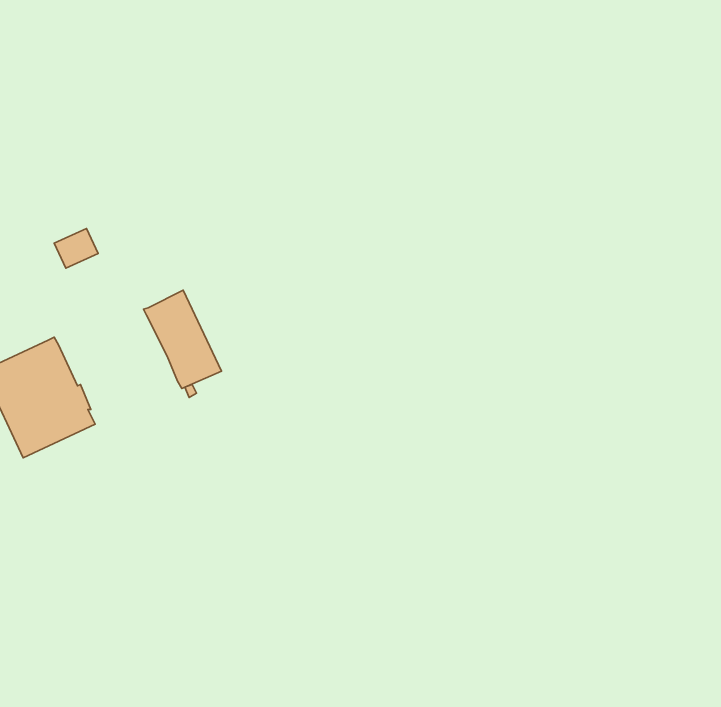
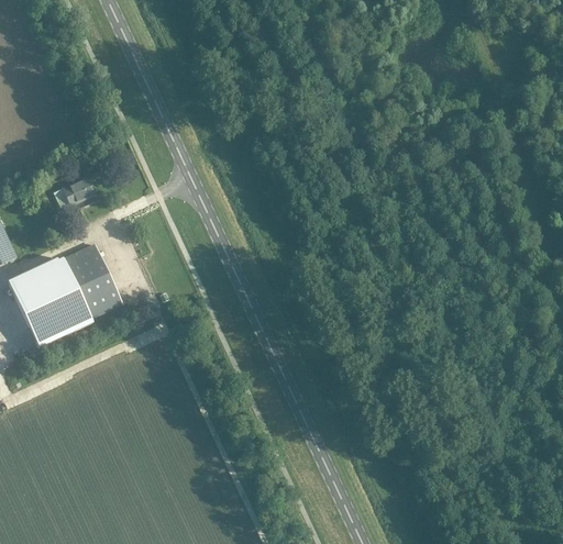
building: [144,290,221,389] -> [63,242,121,315]

